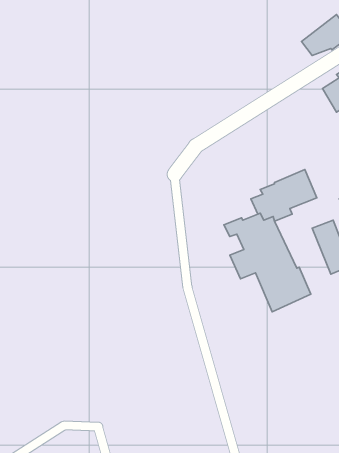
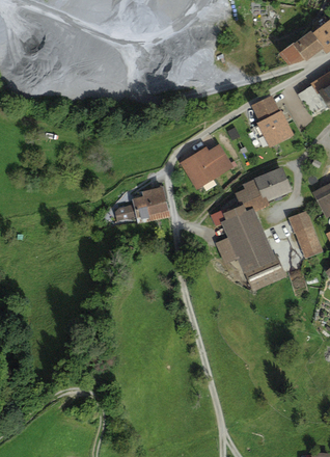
building: none -> [251,96,292,145]
building: none -> [180,143,233,190]
building: none -> [114,186,170,223]

